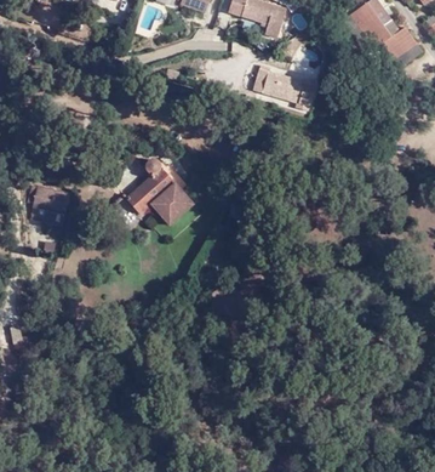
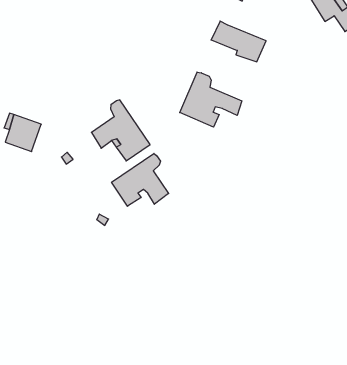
building: none -> [180,72,242,127]
building: none -> [112,153,169,206]

